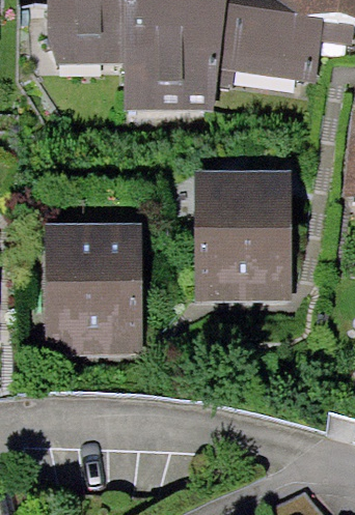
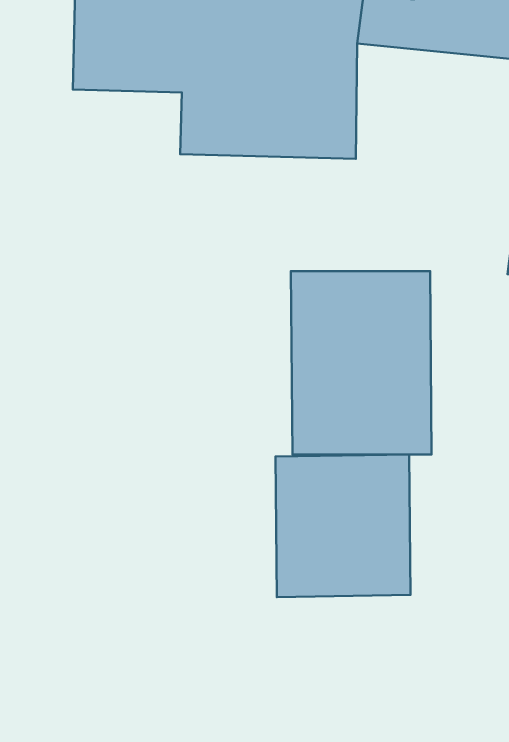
building: [43,223,151,348] -> none
building: none -> [276,454,410,597]

